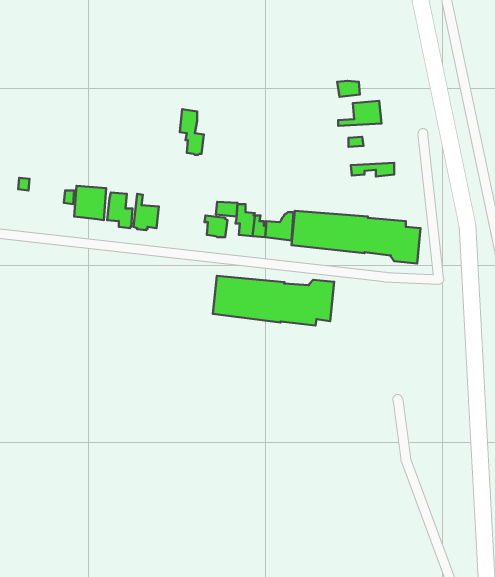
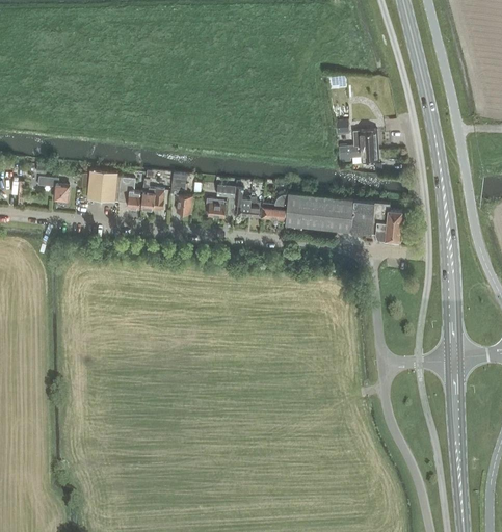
building: [338,101,382,126] -> [339,130,378,153]
building: [180,109,204,155] -> [170,174,192,215]
building: none -> [37,177,70,202]
building: [213,276,334,325] -> none

